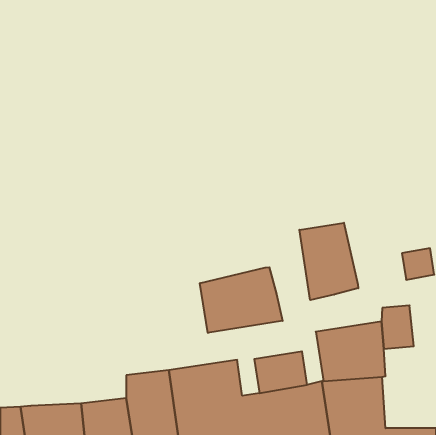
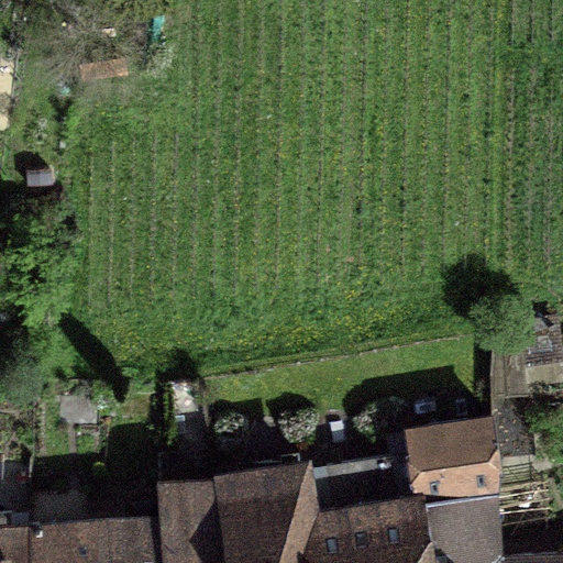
building: [299,223,358,300] -> none
building: [200,267,283,333] -> none

